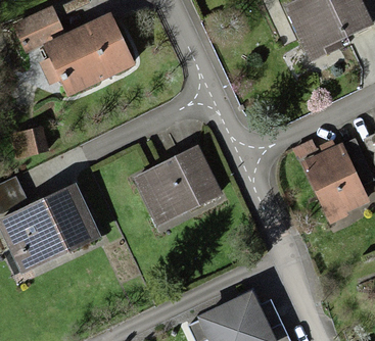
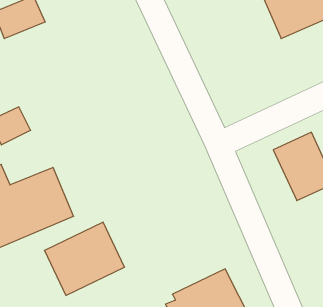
building: [44,16,134,93] -> none
building: [136,146,220,223] -> [44,222,125,295]

